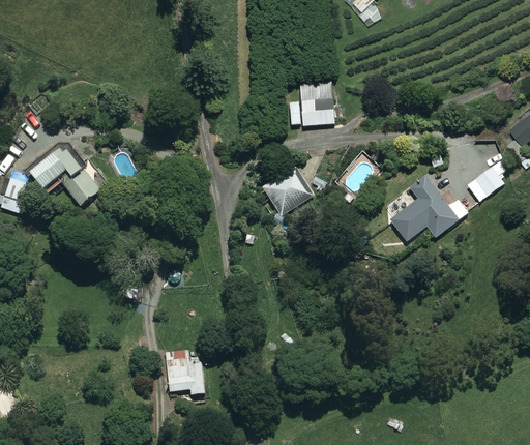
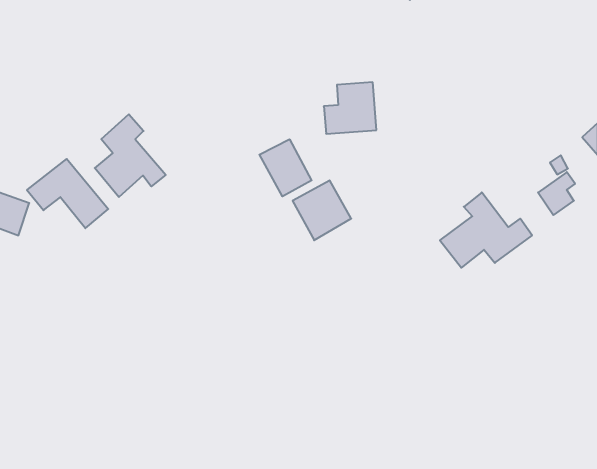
building: none -> [95,114,166,197]
building: none -> [259,139,312,196]
building: [164,349,206,395] -> none

